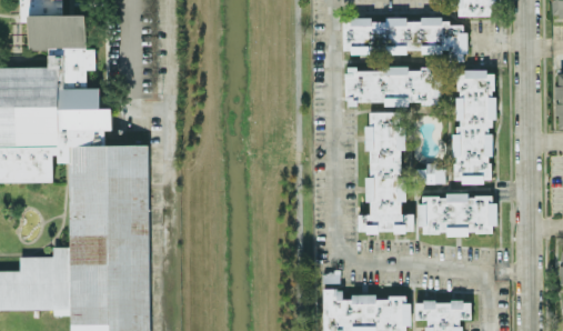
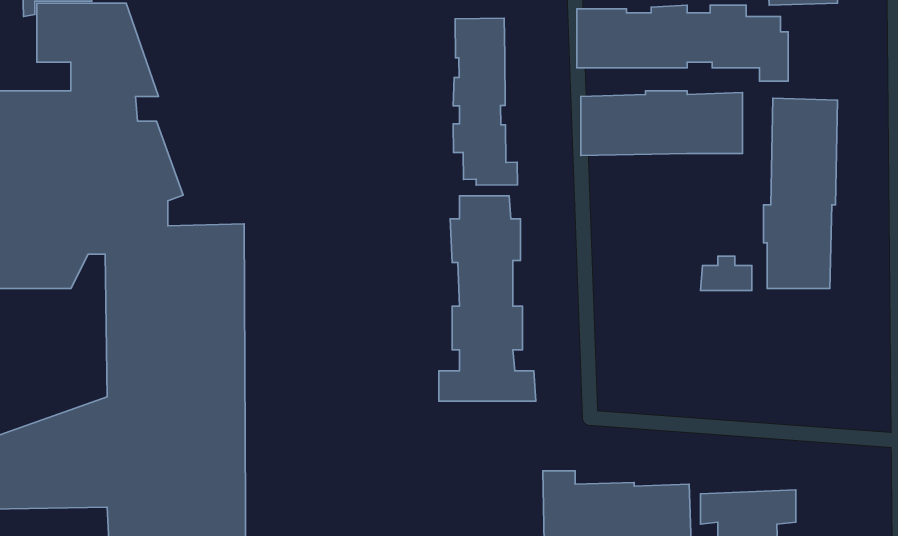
building: none -> [453,18,517,185]
building: [358,112,414,232] -> [439,196,536,401]
building: [419,192,496,237] -> none

